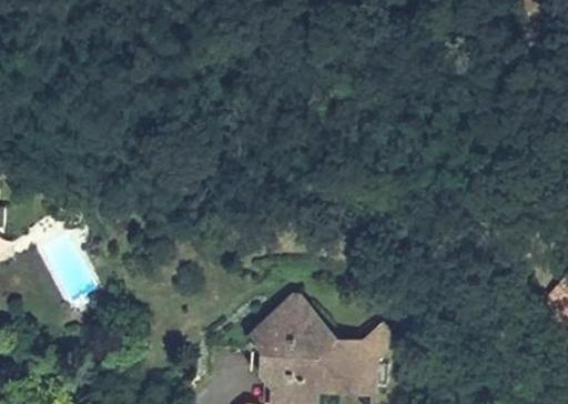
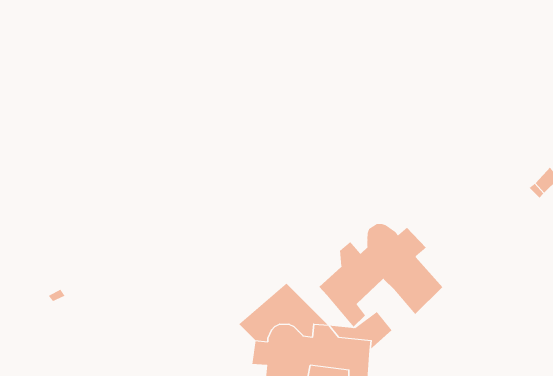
building: none -> [319,223,443,328]

